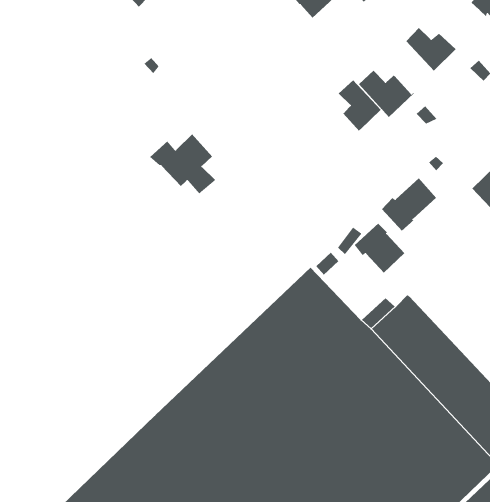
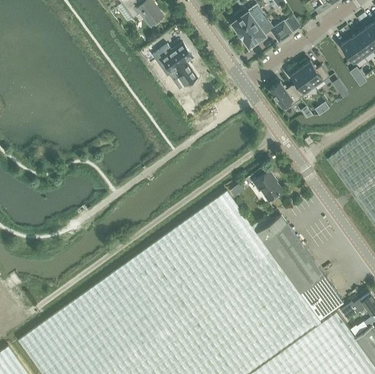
building: [338,79,382,132] -> [291,69,315,100]
building: [149,134,216,195] -> [156,44,193,80]
building: [381,178,437,231] -> none

